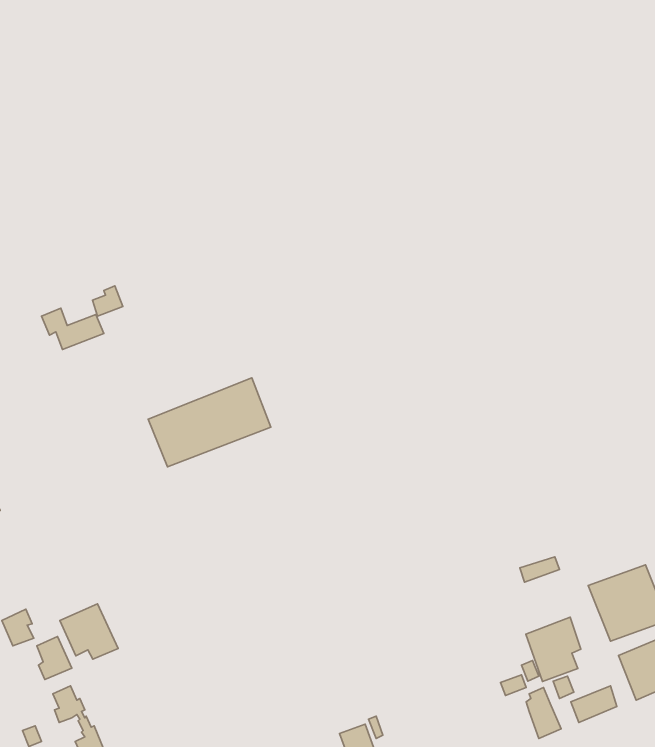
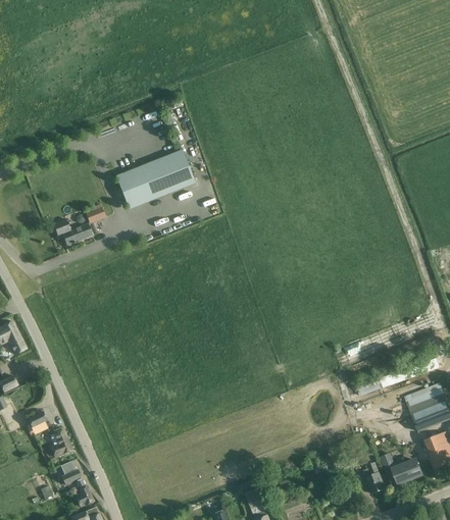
building: [148,378,271,467] -> [115,150,194,207]
building: [60,604,118,659] -> none
building: [526,617,581,681] -> none

